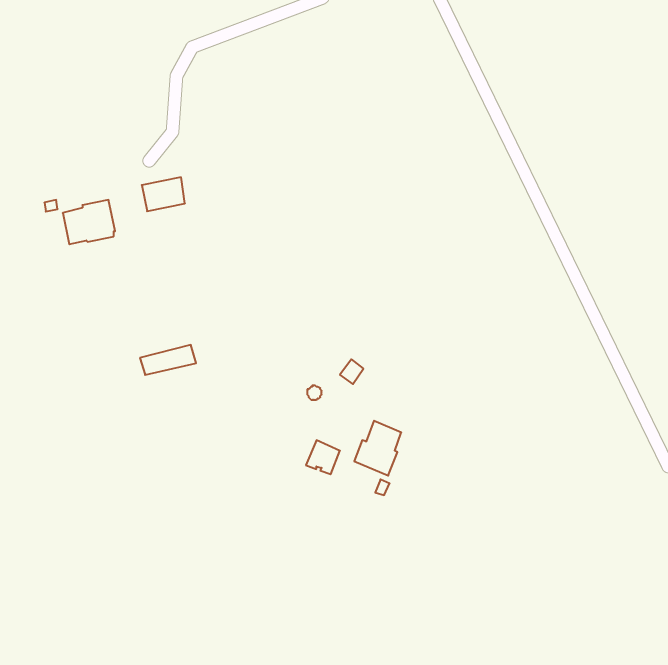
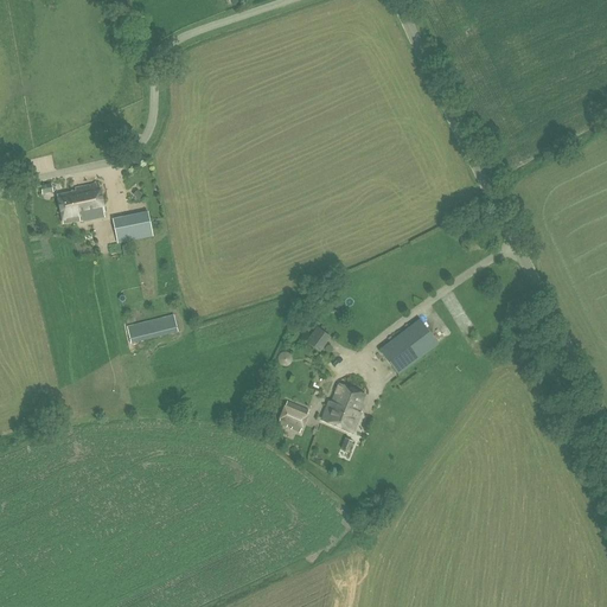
building: [142,177,185,211] -> [113,210,152,241]
building: none -> [379,318,437,372]

